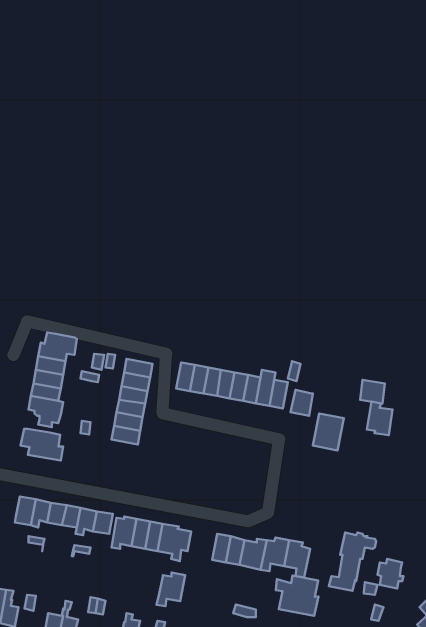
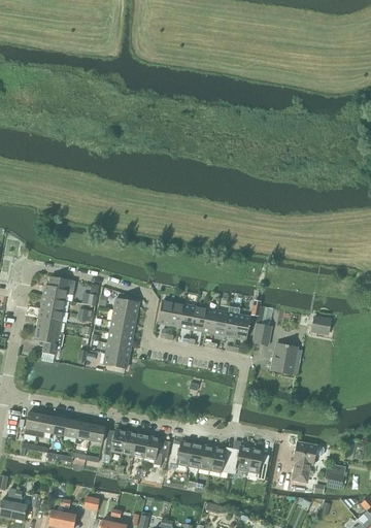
building: [367,402,393,435] -> none
building: [21,429,63,461] -> none
building: [157,573,185,606] -> [168,441,192,469]
building: [276,575,318,616] -> none

